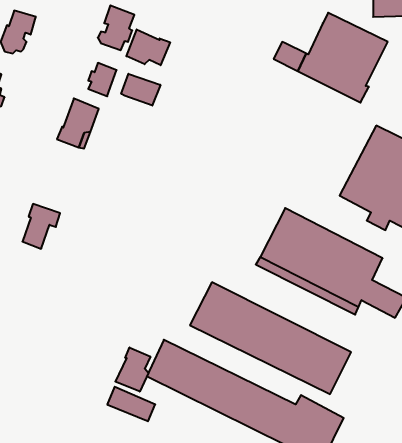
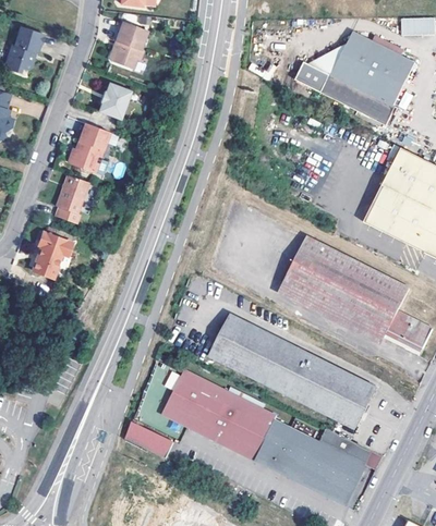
building: none -> [306,42,346,75]
building: [126,29,170,65] -> none
building: [121,74,160,106] -> none
building: none -> [58,174,90,212]
building: [115,347,150,392] -> none

